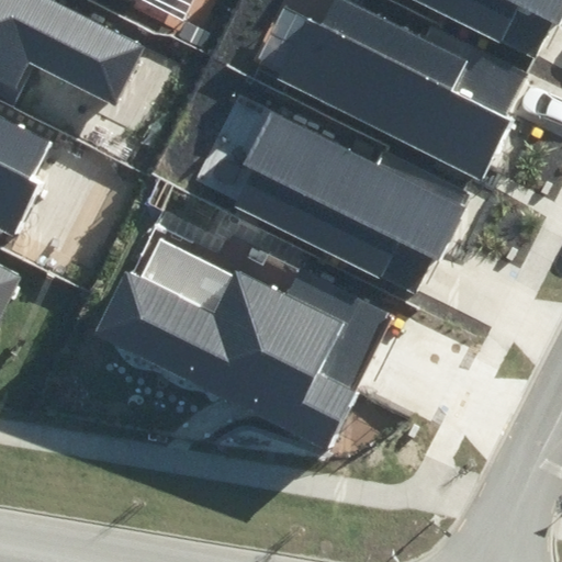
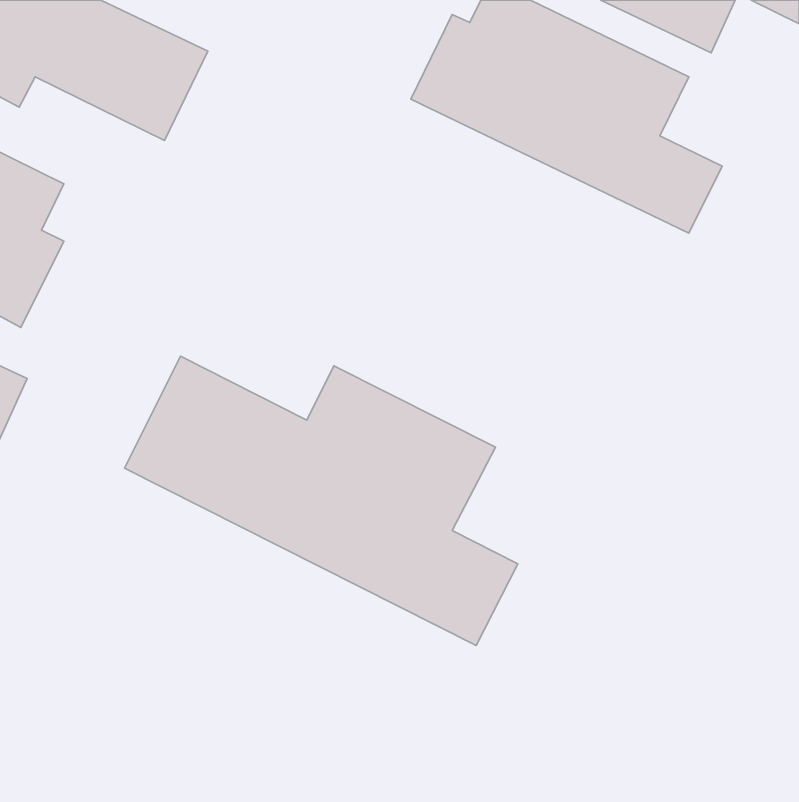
building: [238,105,459,270] -> none

